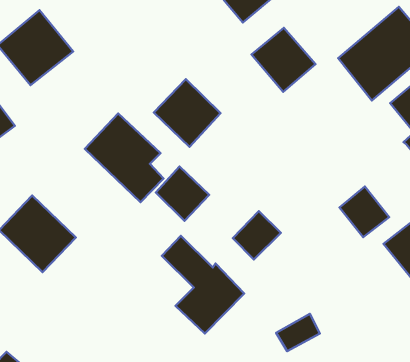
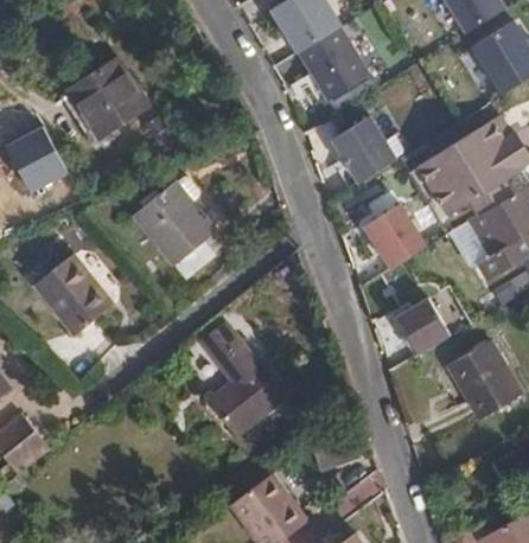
building: [154,79,221,147] -> none
building: none -> [359,199,433,274]
building: [156,167,209,221] -> none
building: [233,211,281,260] -> none

